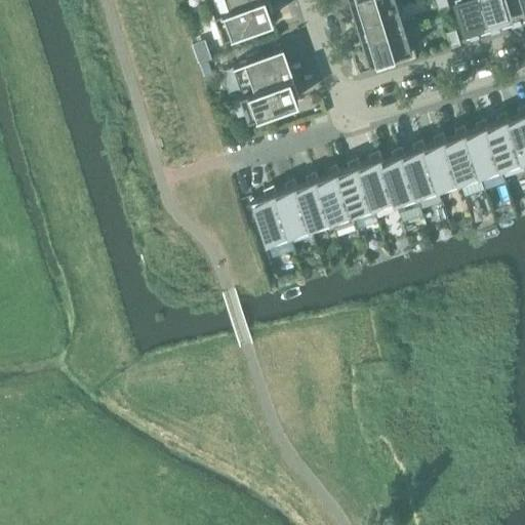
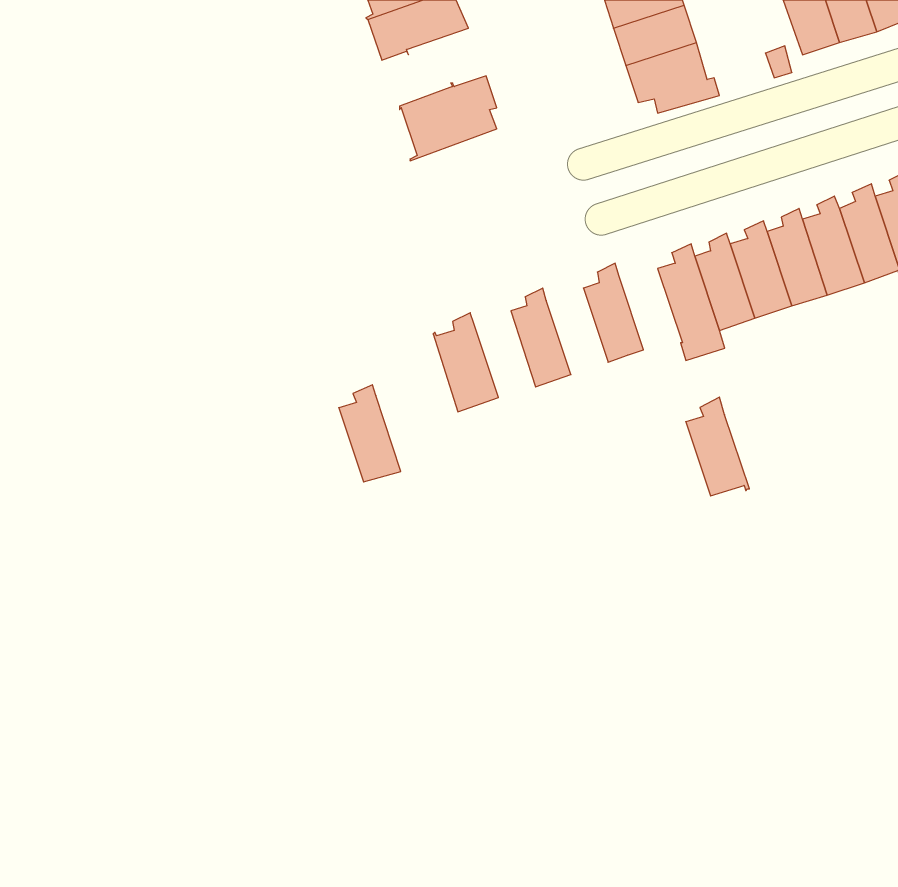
building: [241,84,299,125] -> none
building: [362,155,399,212] -> [686,397,749,496]
building: [320,169,356,227] -> none
building: [278,184,314,240] -> [339,385,401,482]

